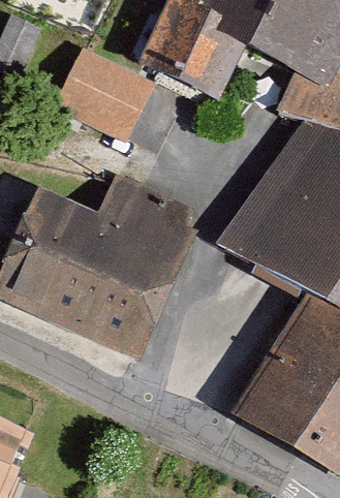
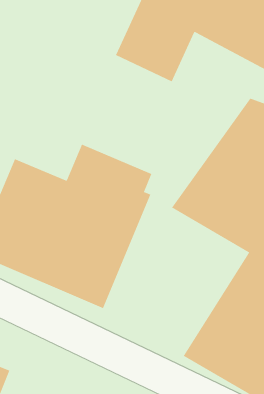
building: [52,45,155,138] -> none

